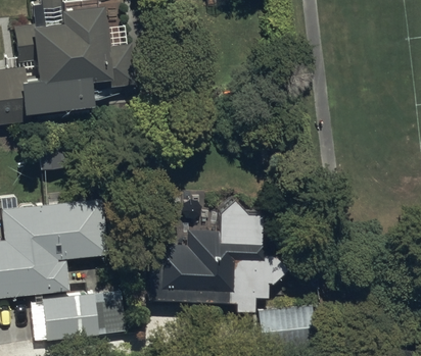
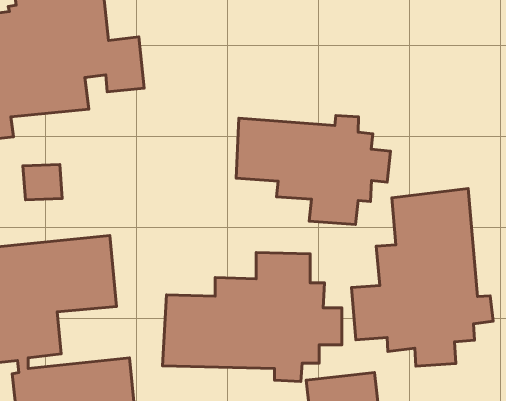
building: none -> [236,116,390,225]
building: none -> [351,189,493,366]

